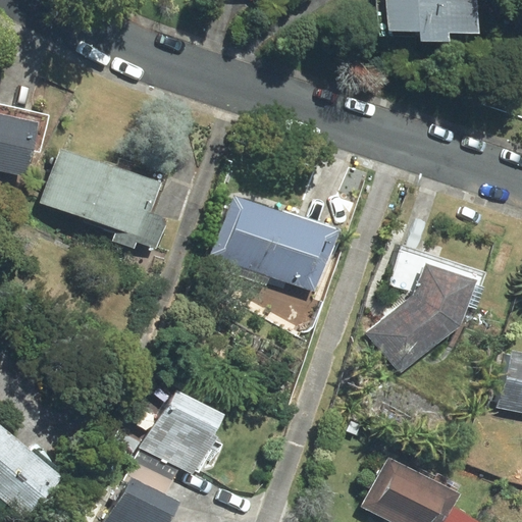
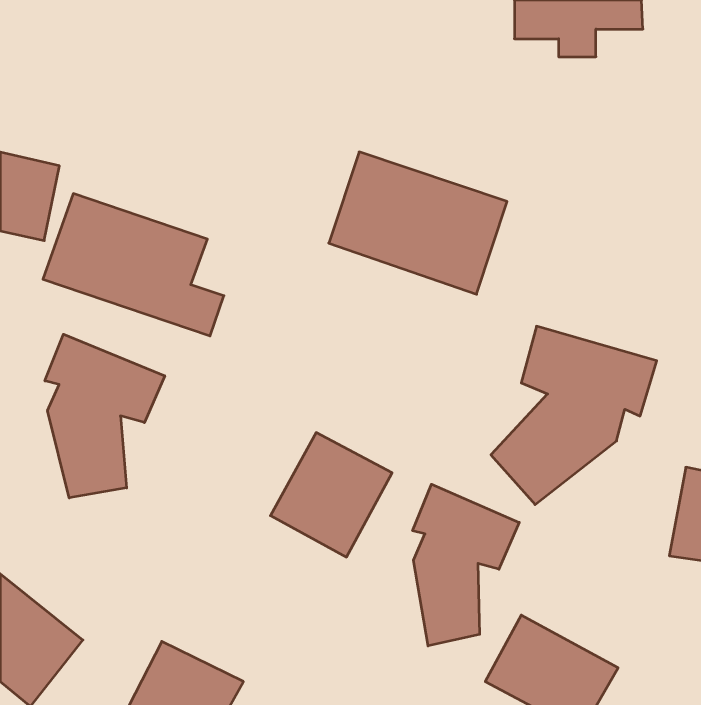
building: [208,191,340,296] -> [329,152,507,294]
building: none -> [45,334,165,498]
building: none -> [413,484,519,646]
building: [138,388,227,480] -> [270,433,392,557]

